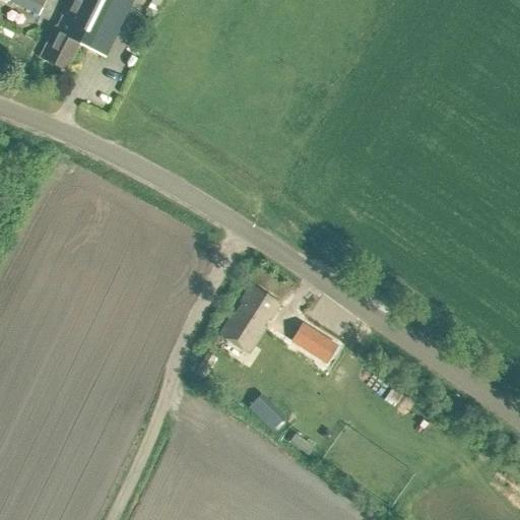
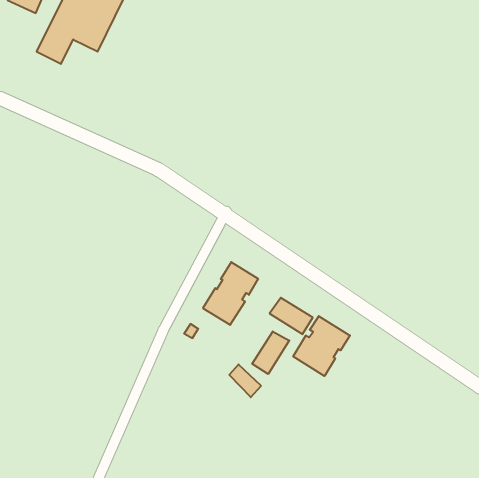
building: none -> [293,316,350,376]
building: none -> [252,331,289,374]

